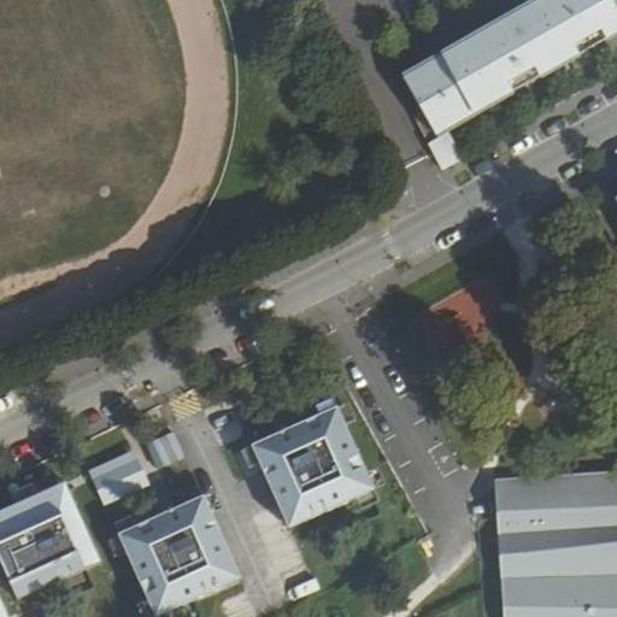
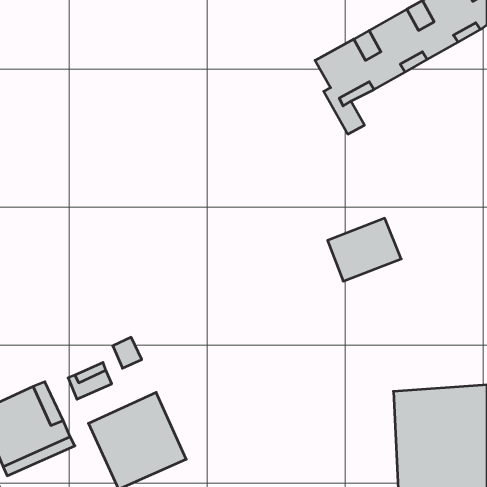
building: [249,404,372,524] -> none

